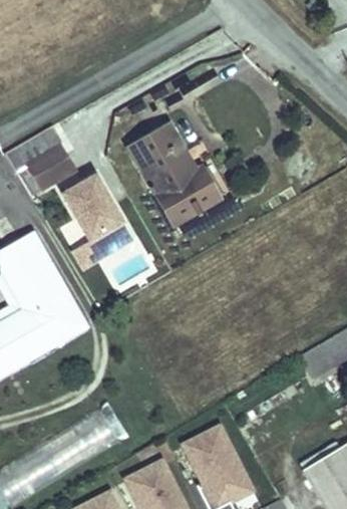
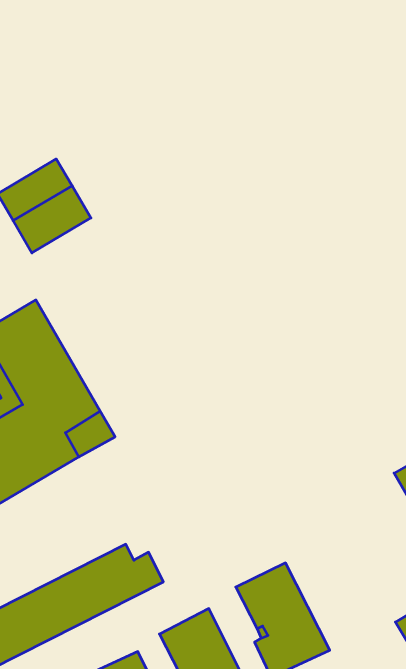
building: [127,116,227,224] -> none
building: [64,167,129,239] -> none

